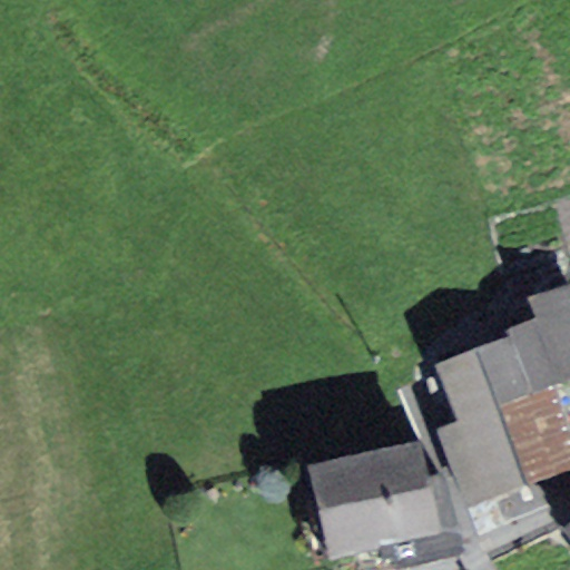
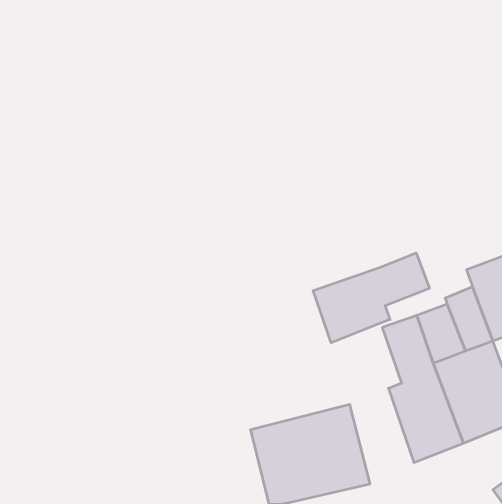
building: none -> [313,253,429,343]

